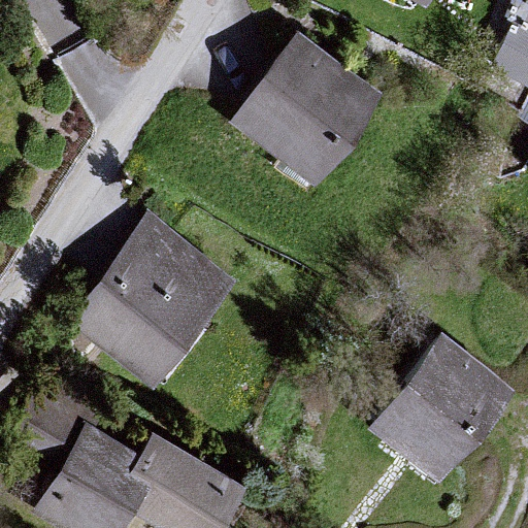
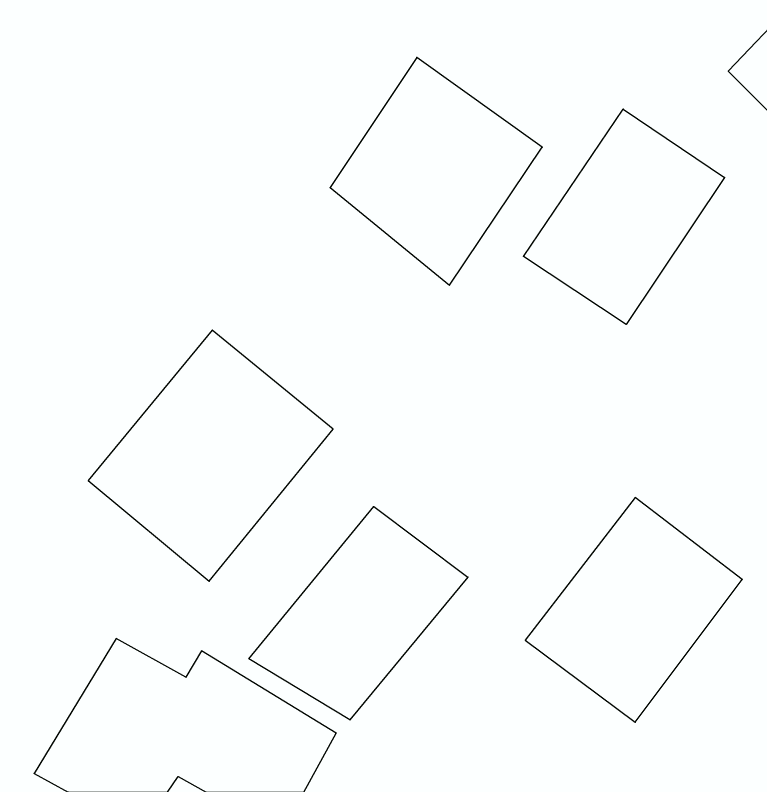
building: none -> [523,109,725,324]
building: none -> [249,507,468,720]

